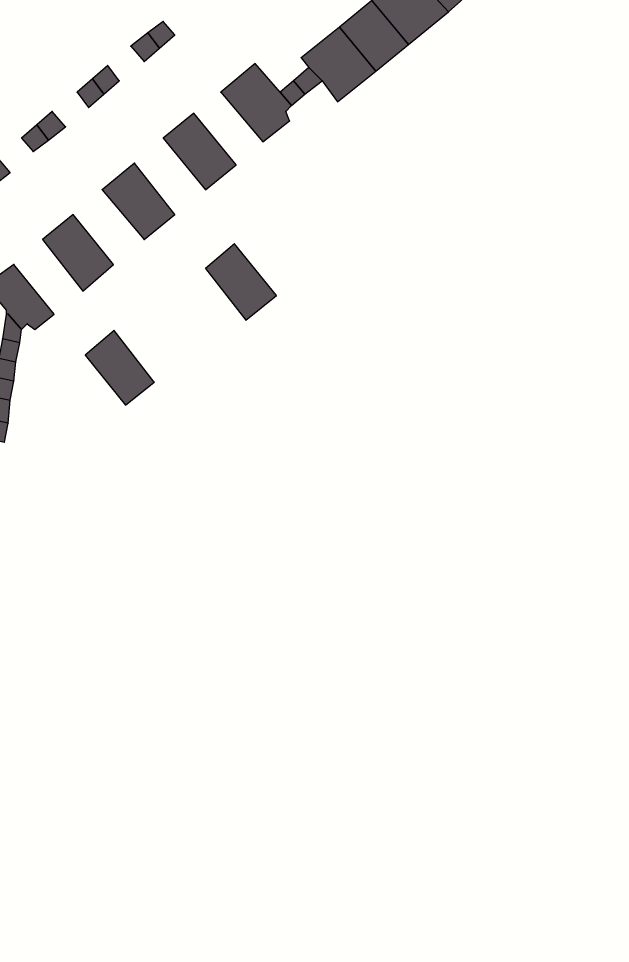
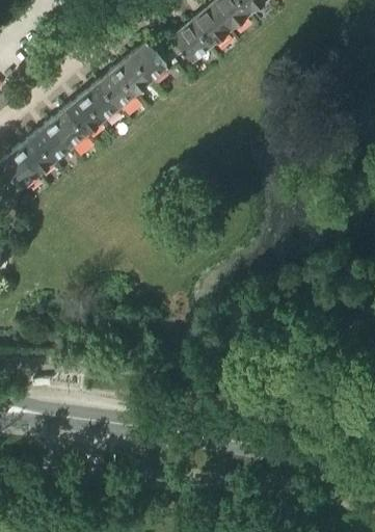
building: none -> [115,54,153,94]
building: none -> [50,107,88,148]
building: [206,244,276,320] -> [83,79,122,121]
building: [85,330,154,405] -> [18,134,55,175]

